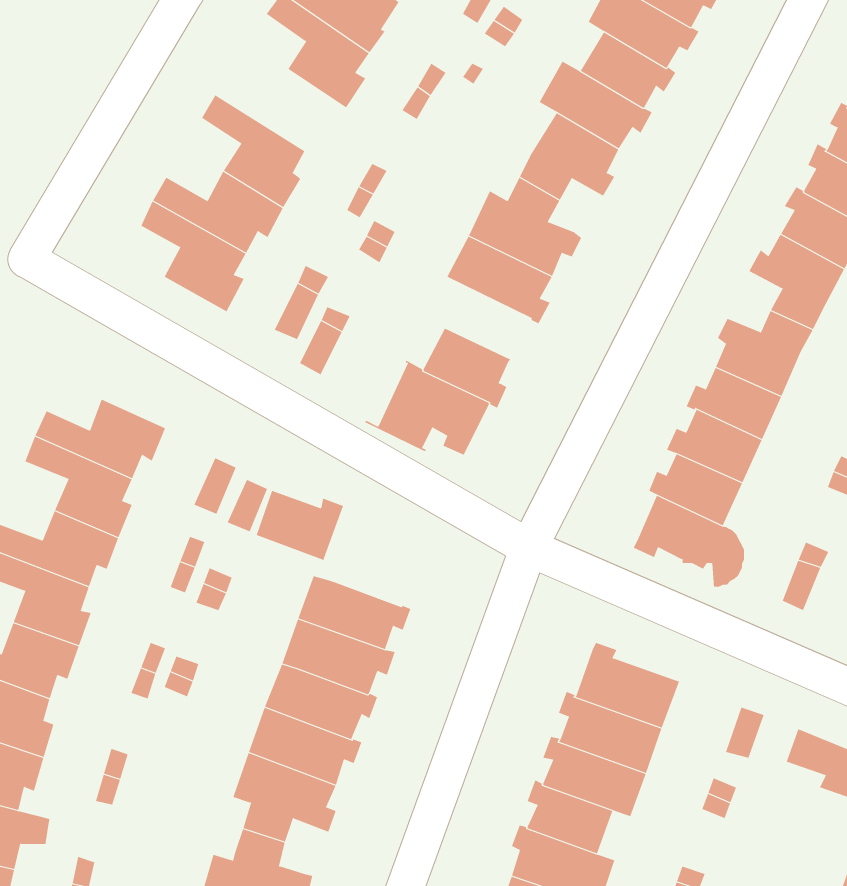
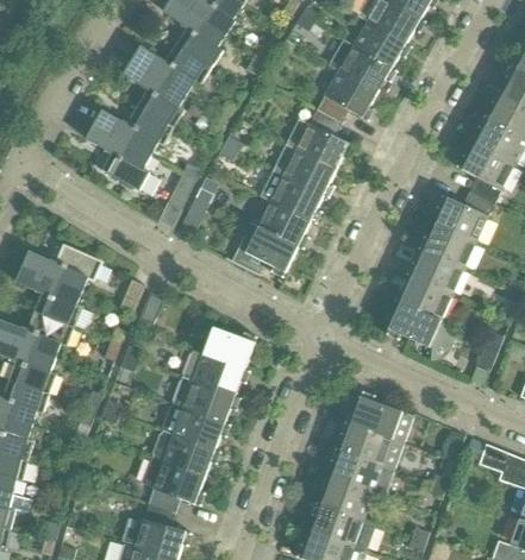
building: none -> [131,44,211,94]
building: none -> [260,170,323,224]
building: [256,490,344,561] -> [202,327,256,370]

